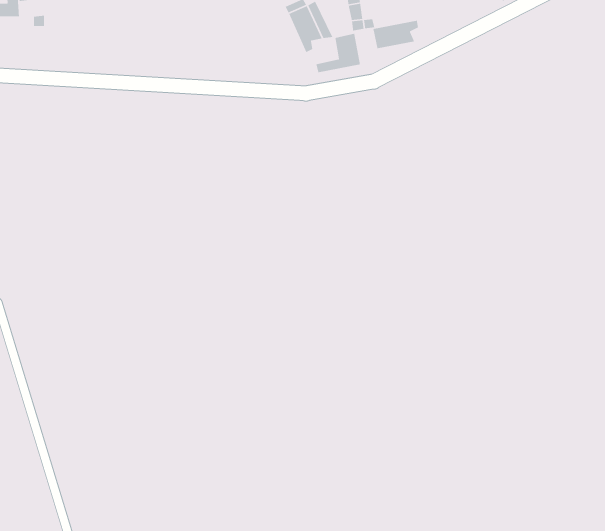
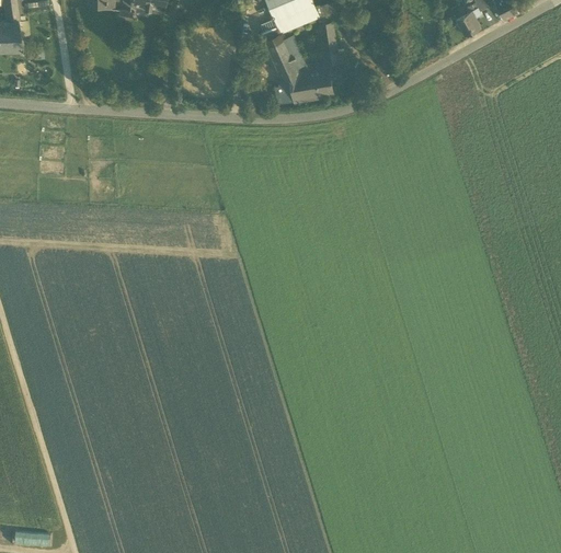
building: [373,20,419,49] -> none
building: none -> [287,67,311,91]

